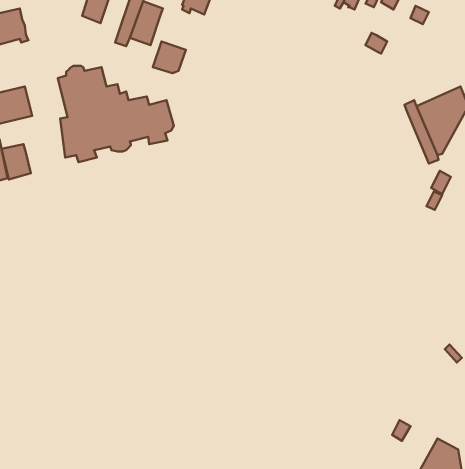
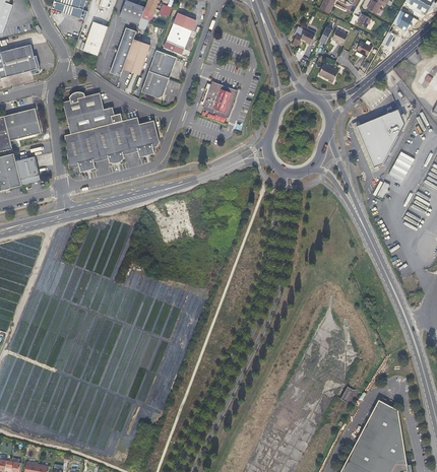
building: none -> [149,50,177,78]
building: none -> [200,80,238,118]

